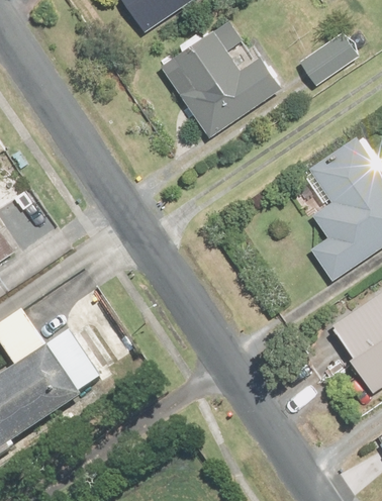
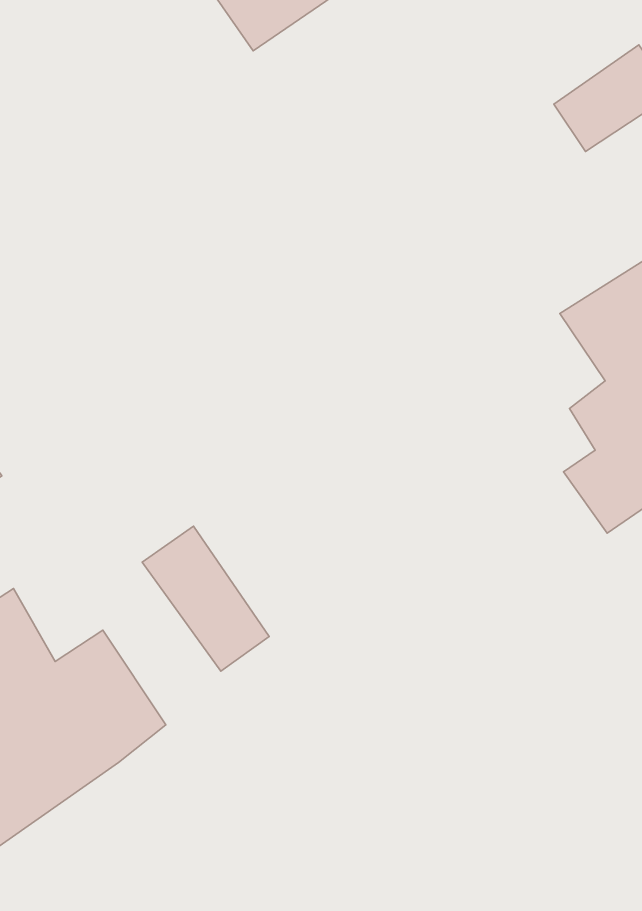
building: [157,26,287,140] -> none
building: none -> [142,526,269,671]

